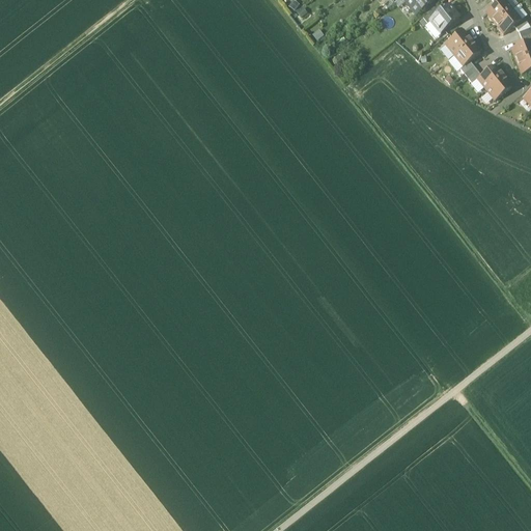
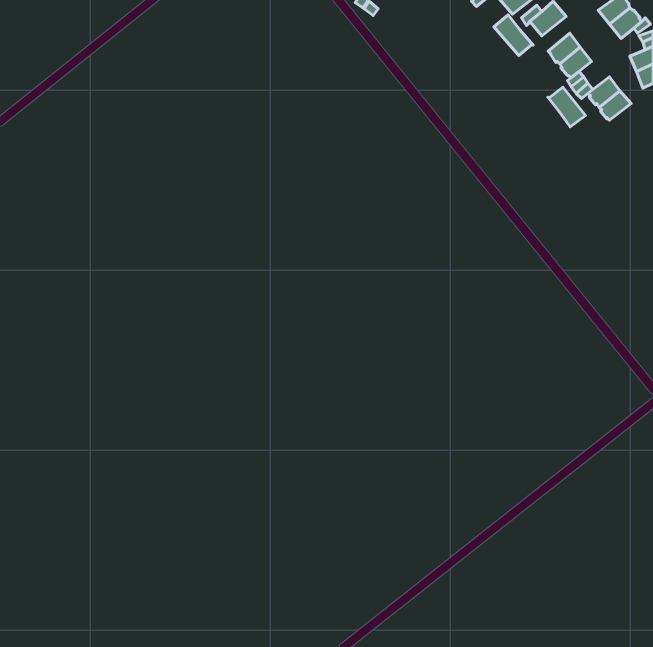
building: none -> [494,15,533,56]
building: none -> [548,87,585,127]

